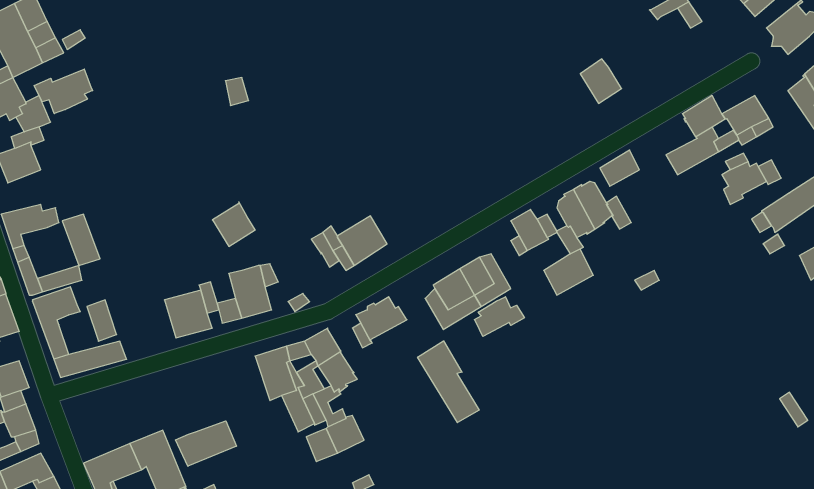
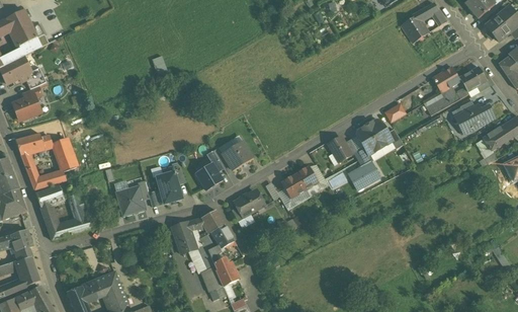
building: [580,59,622,103] -> [401,14,426,42]
building: [34,69,93,114] -> none
building: [212,202,255,246] -> [195,162,222,189]
building: [474,297,524,336] -> none
building: [418,341,479,423] -> none
building: [176,421,236,466] -> none

